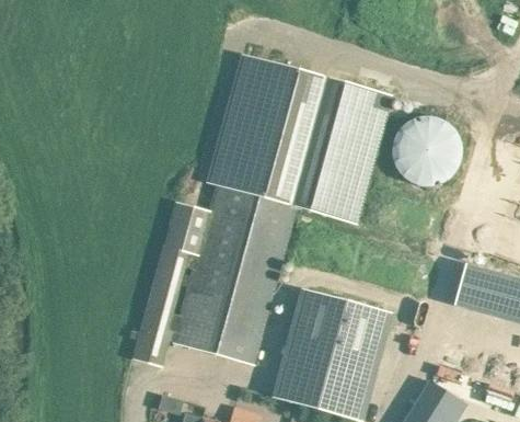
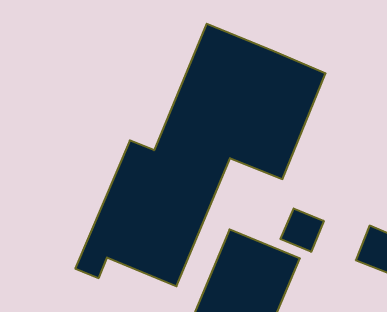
building: [391,115,460,184] -> none
building: none -> [280,208,324,252]

